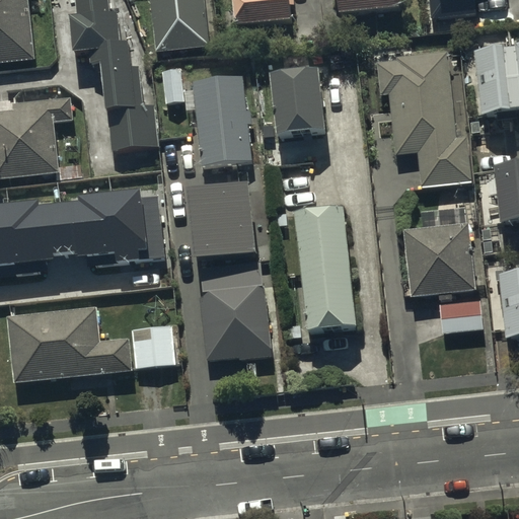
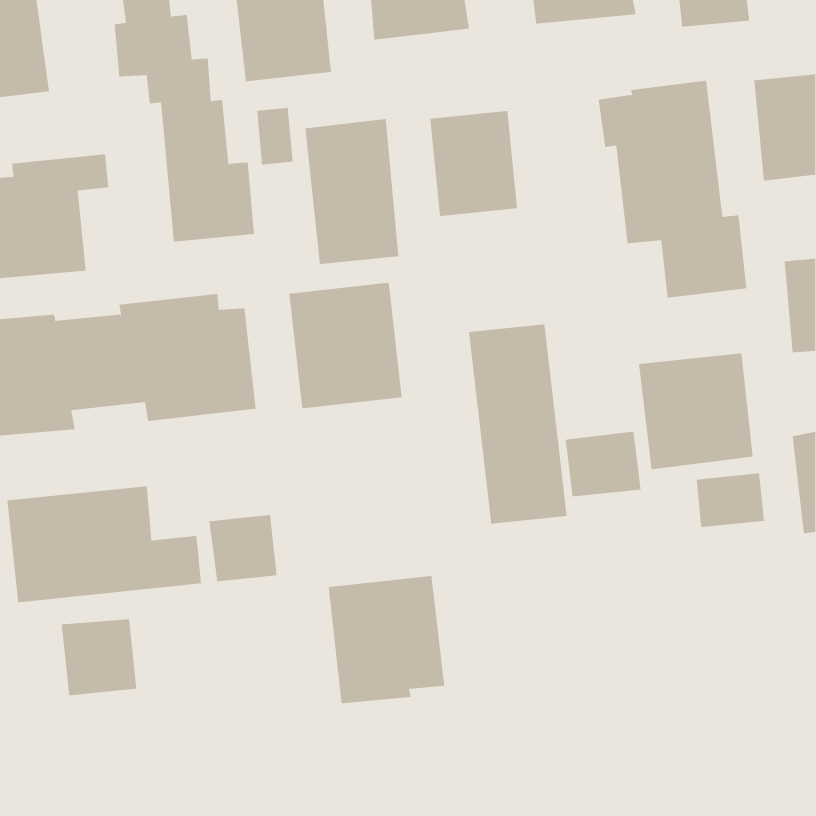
building: none -> [565,431,641,497]
building: [196,280,270,361] -> [328,575,445,704]
building: none -> [61,619,137,696]

